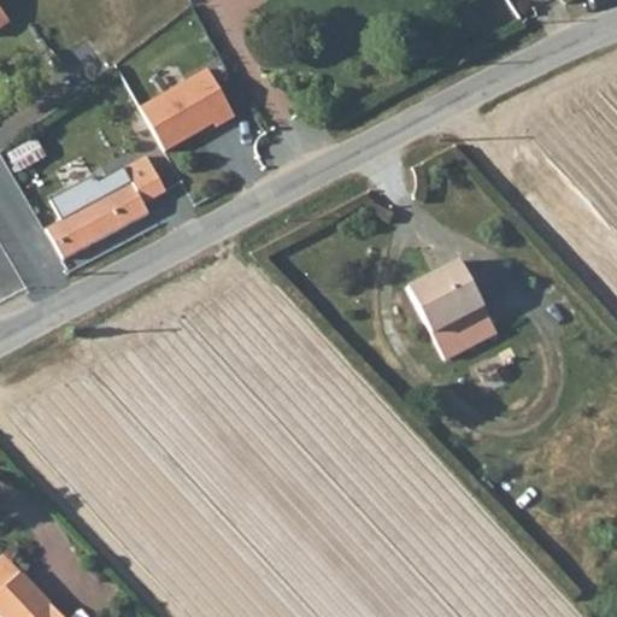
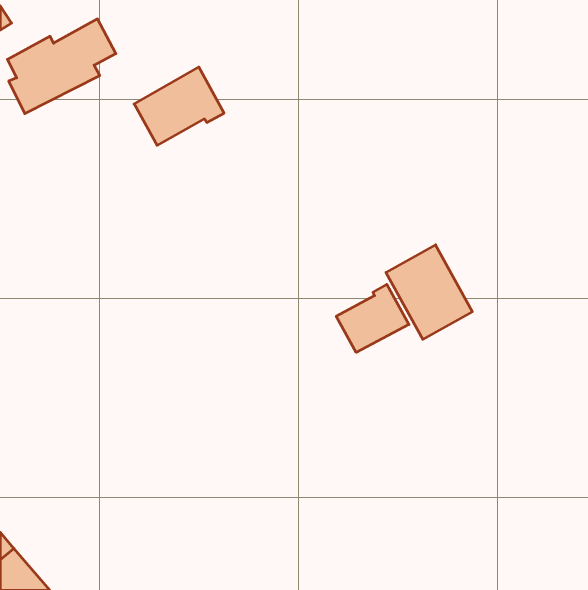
building: [54,154,168,253] -> [7,19,116,114]
building: none -> [336,284,409,352]

